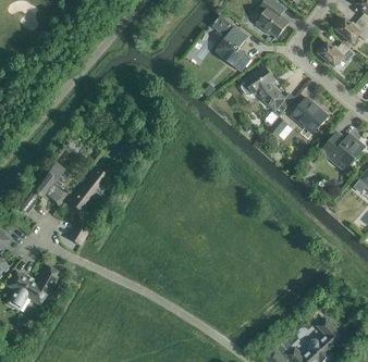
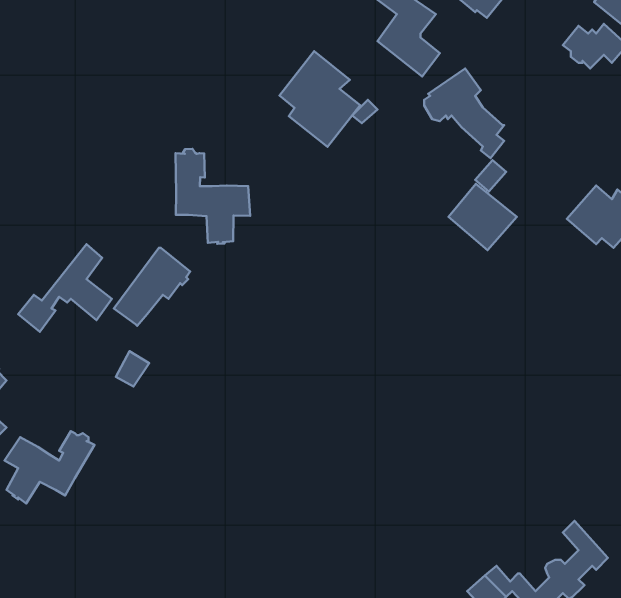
building: none -> [280,51,360,147]
building: [290,97,328,134] -> [448,184,517,250]
building: none -> [176,149,250,244]

